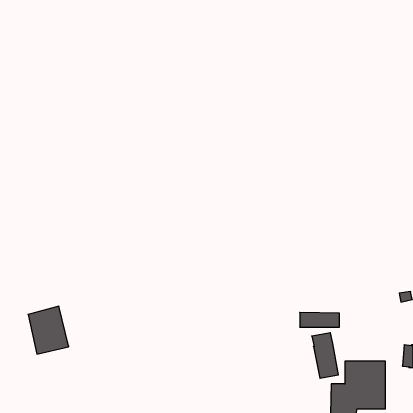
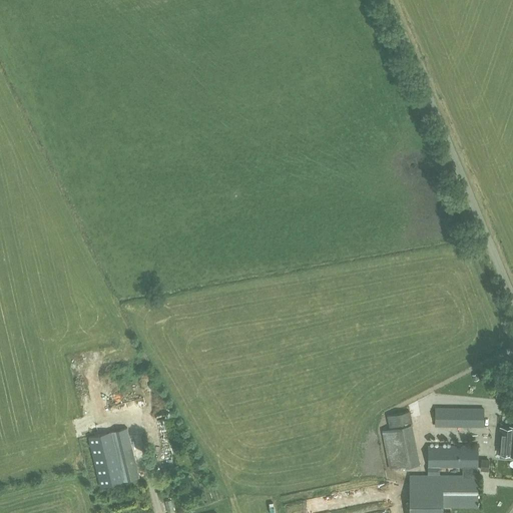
building: [28,306,69,354] -> [88,428,138,487]
building: [300,312,339,327] -> [434,409,483,427]

